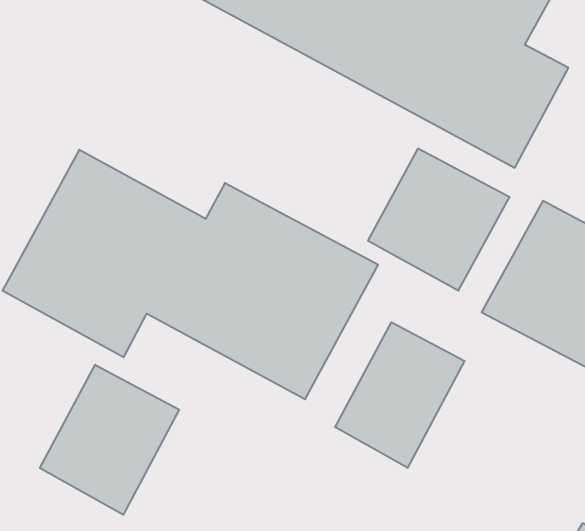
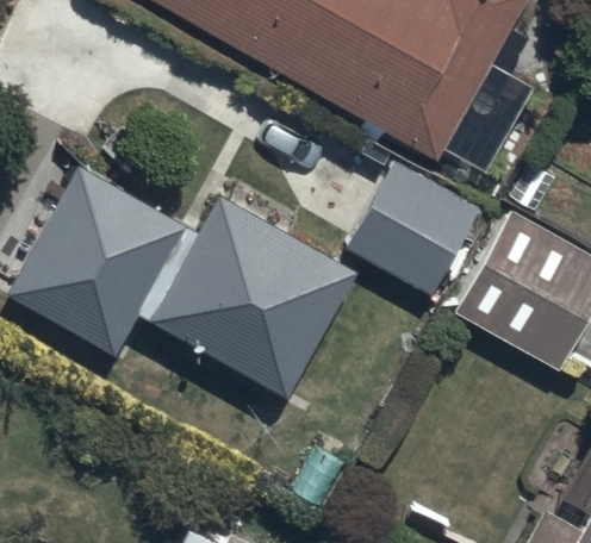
building: [335,322,465,468] -> none
building: [40,365,179,515] -> none

